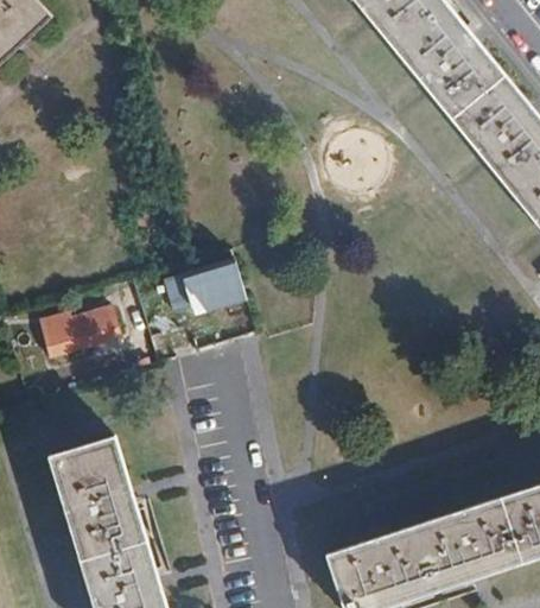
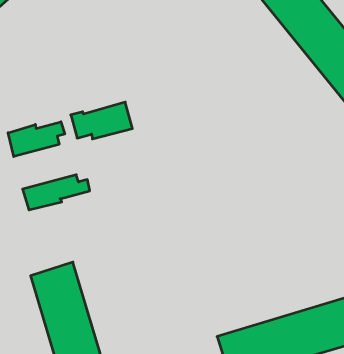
building: none -> [8,122,65,157]
building: [163,260,254,315] -> [71,102,132,139]

